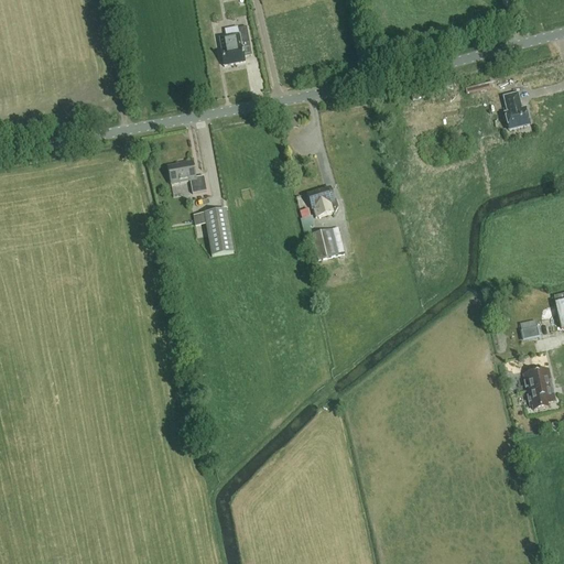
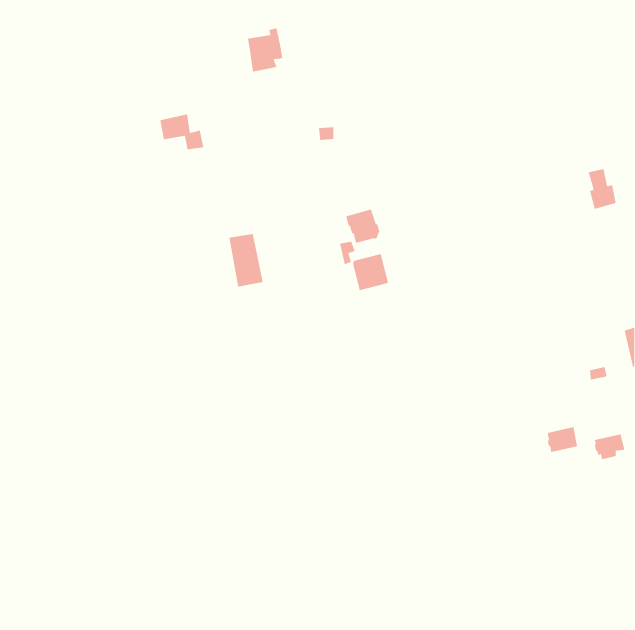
building: [503,91,529,128] -> [588,168,616,209]
building: [167,159,207,191] -> [159,114,204,150]
building: [523,367,551,390] -> [547,426,578,453]

